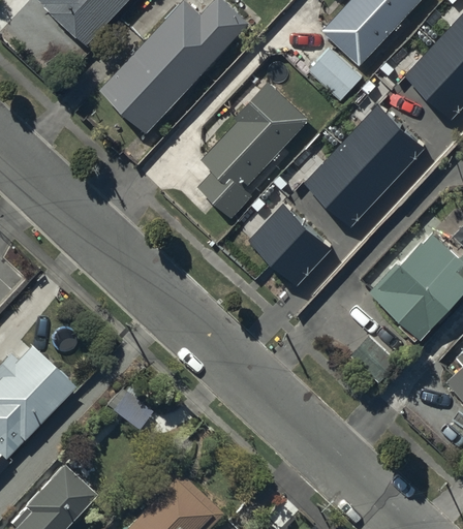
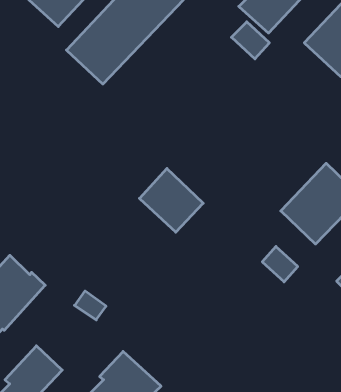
building: [198,82,310,217] -> none
building: [303,103,425,227] -> none
building: [249,203,331,284] -> [139,168,203,232]

